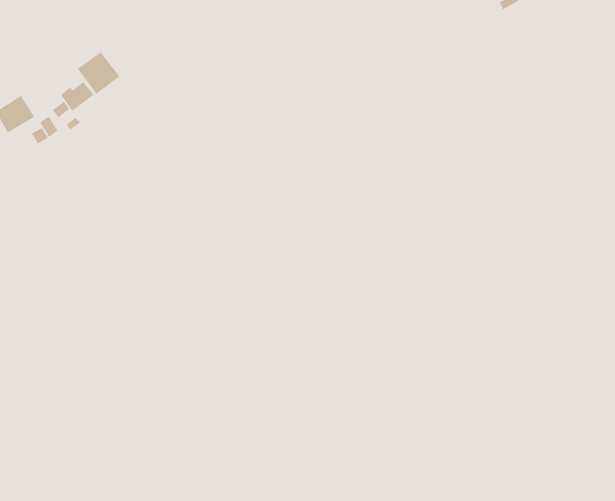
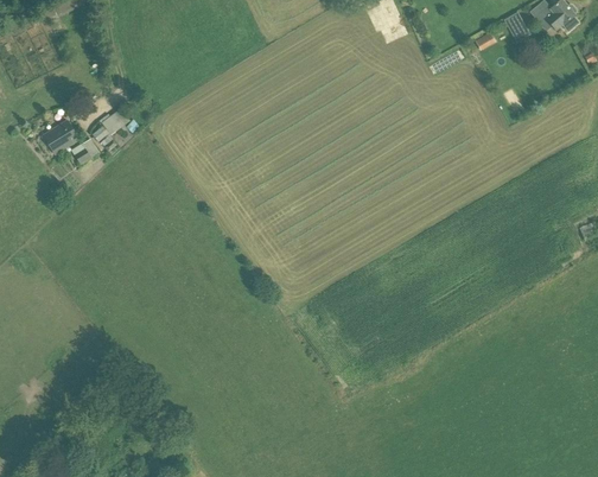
building: [77,52,120,95] -> none

